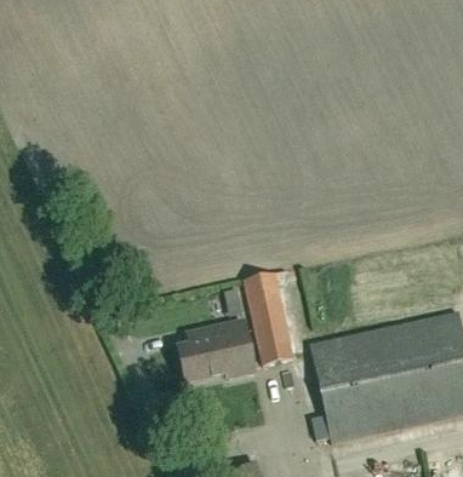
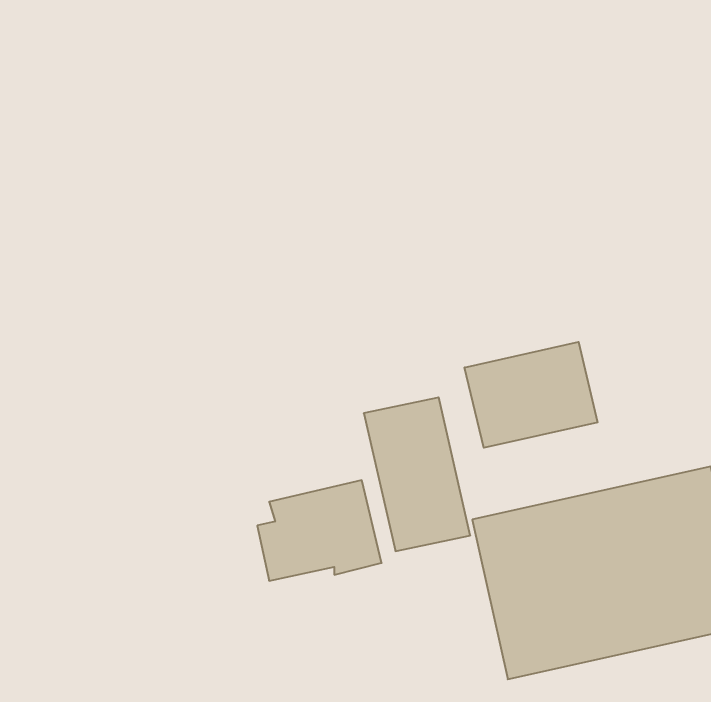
building: none -> [465,342,598,448]

